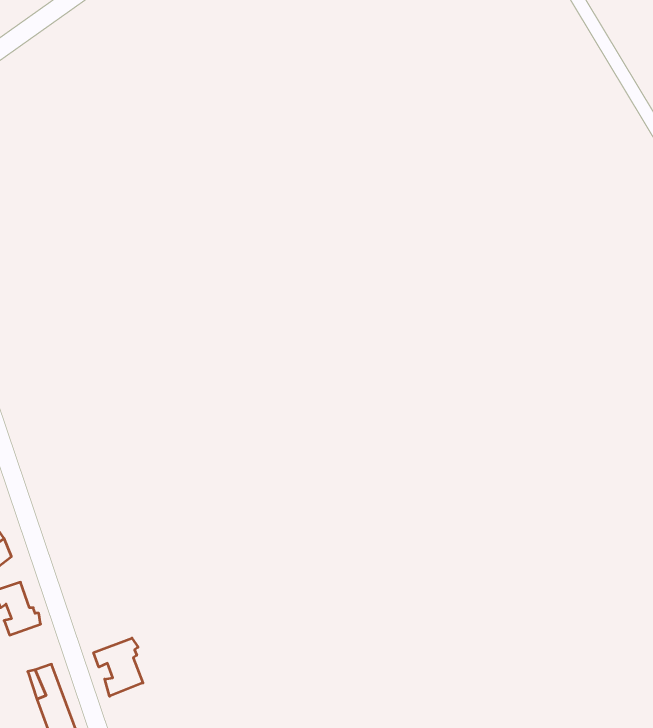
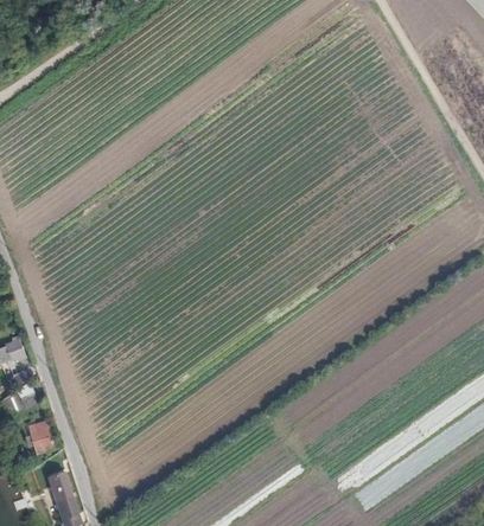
building: [94,638,143,696] -> none

